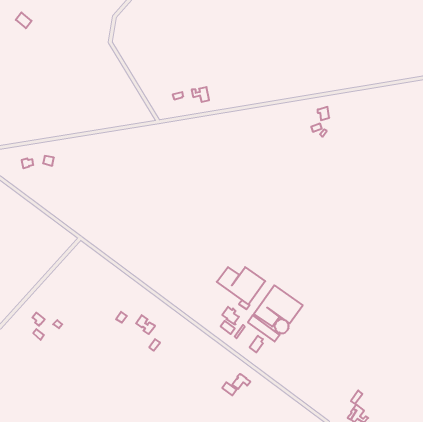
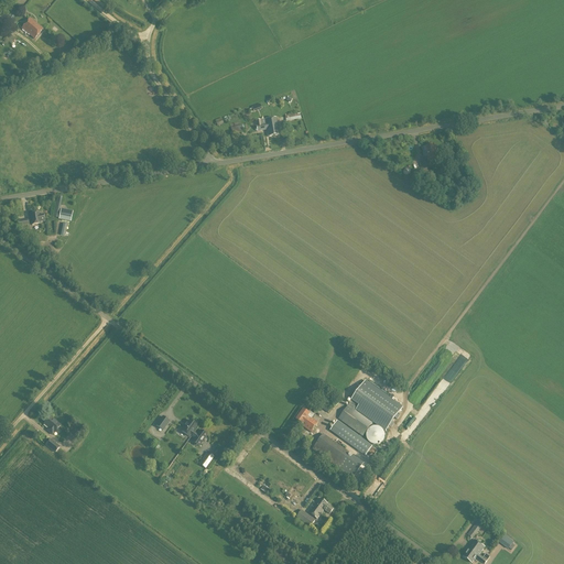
building: [217,267,265,304] -> none

